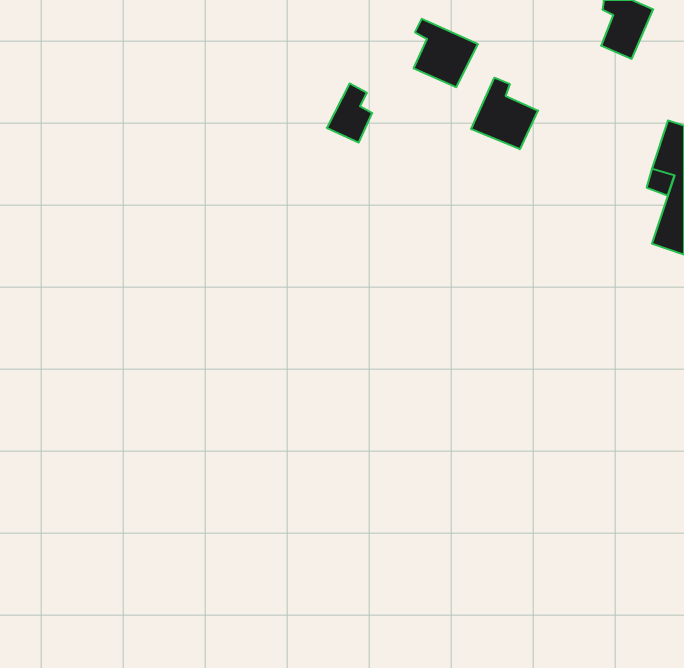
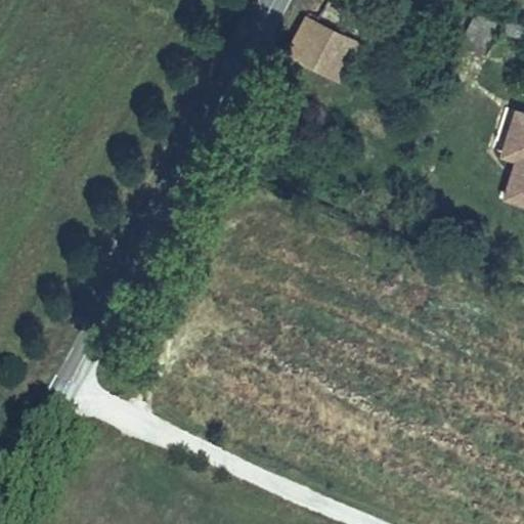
building: [471,78,538,149] -> none
building: [327,84,372,143] -> [292,19,326,64]

